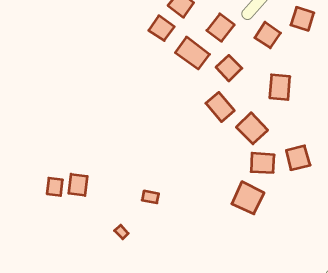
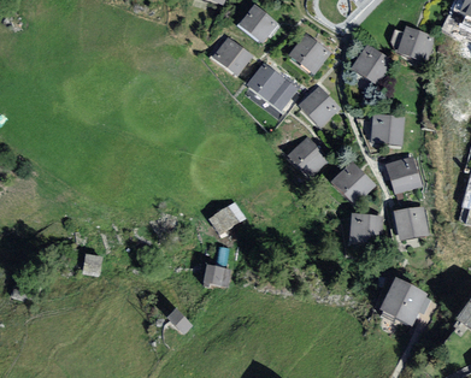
building: none -> [389,156,419,189]
building: none -> [210,199,246,229]
building: [69,174,87,196] -> none
building: [232,182,264,214] -> [382,279,424,321]

